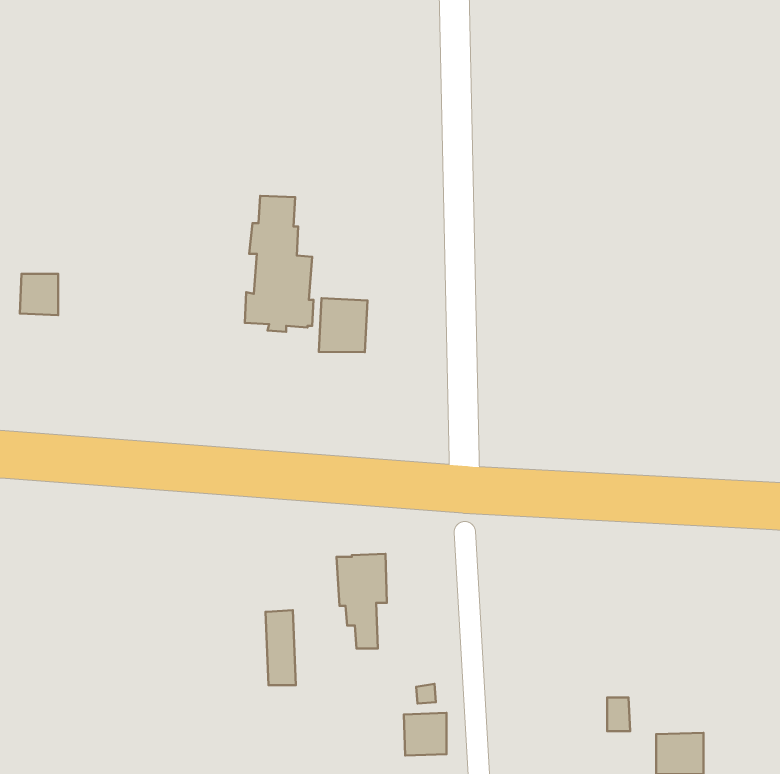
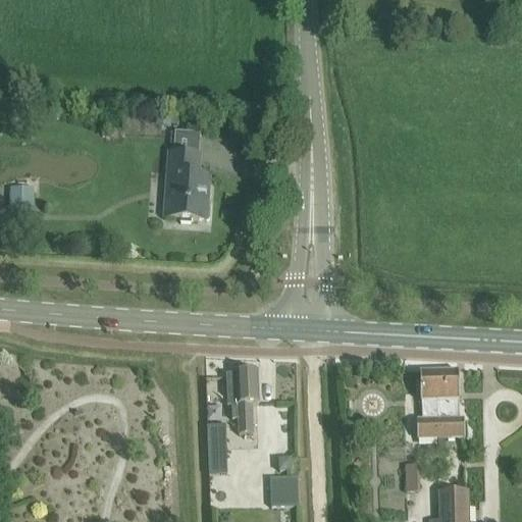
building: [319,298,367,352] -> none
building: none -> [417,368,463,436]
building: [265,610,296,685] -> [207,422,227,472]

